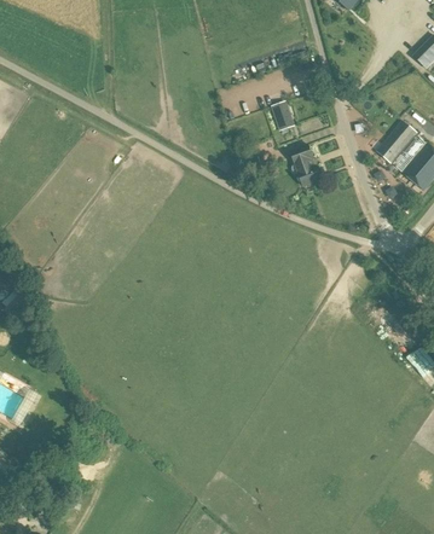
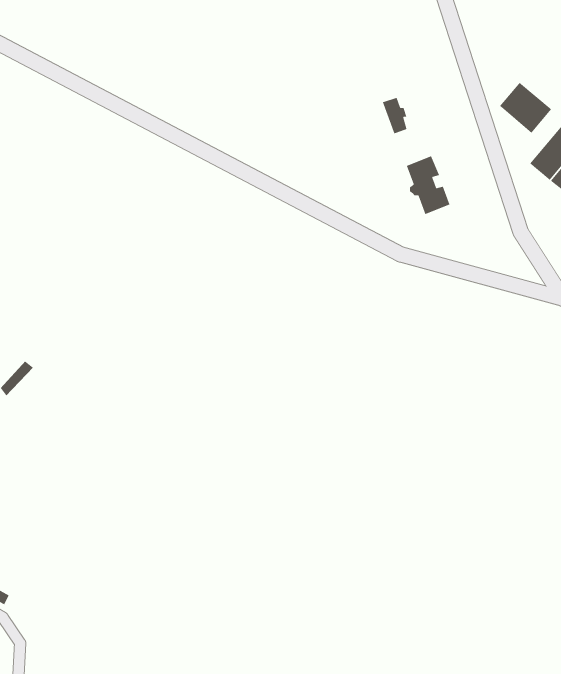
building: none -> [499,82,552,134]

